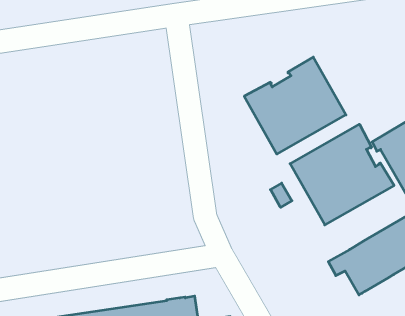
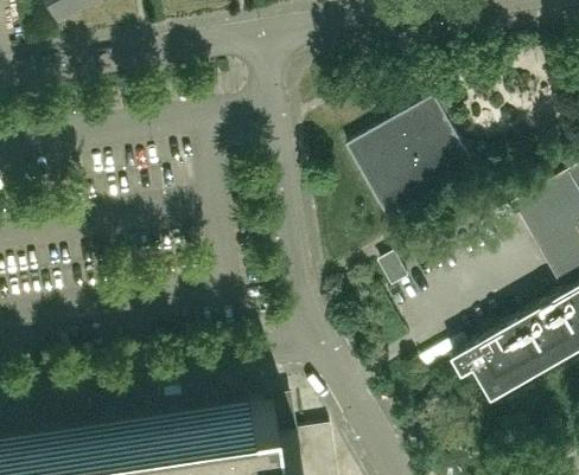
building: [290,124,394,225] -> none

